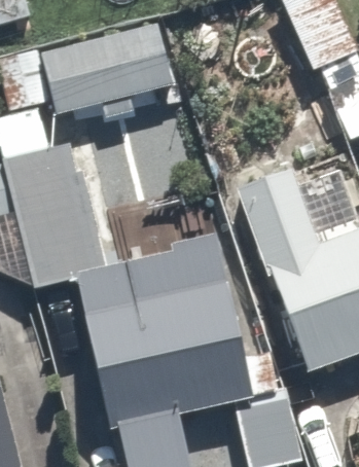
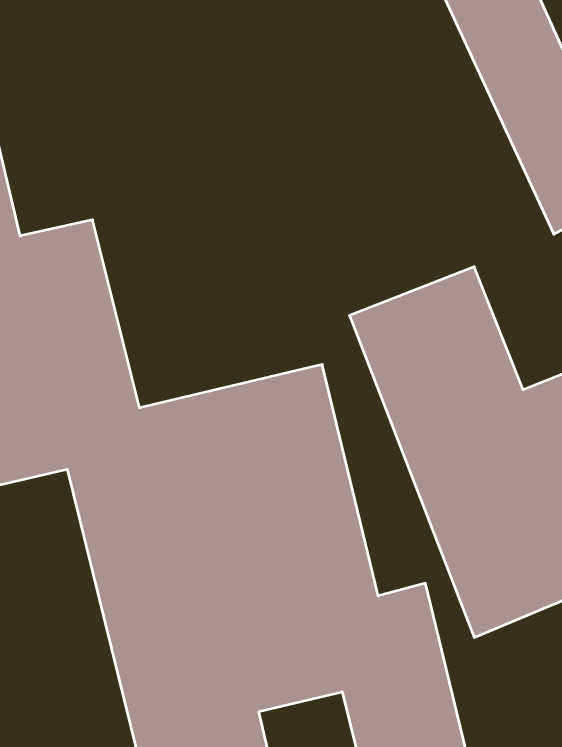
building: [43,30,181,115] -> none

